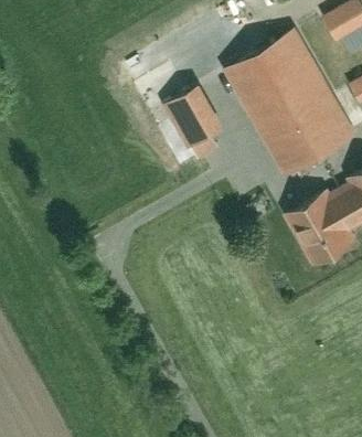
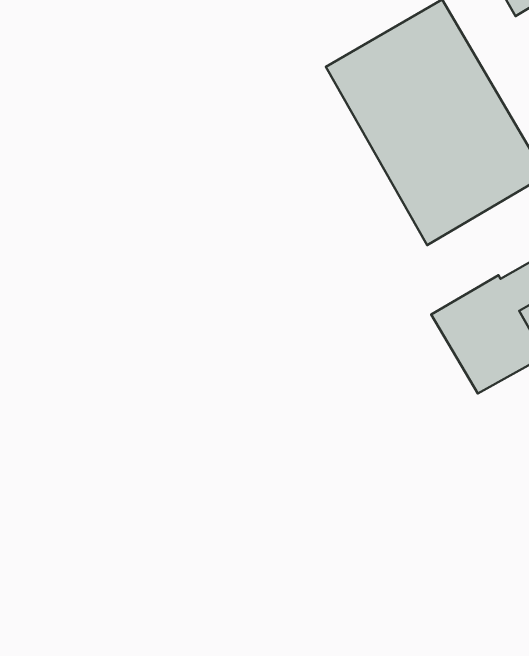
building: [161,93,217,158] -> none

